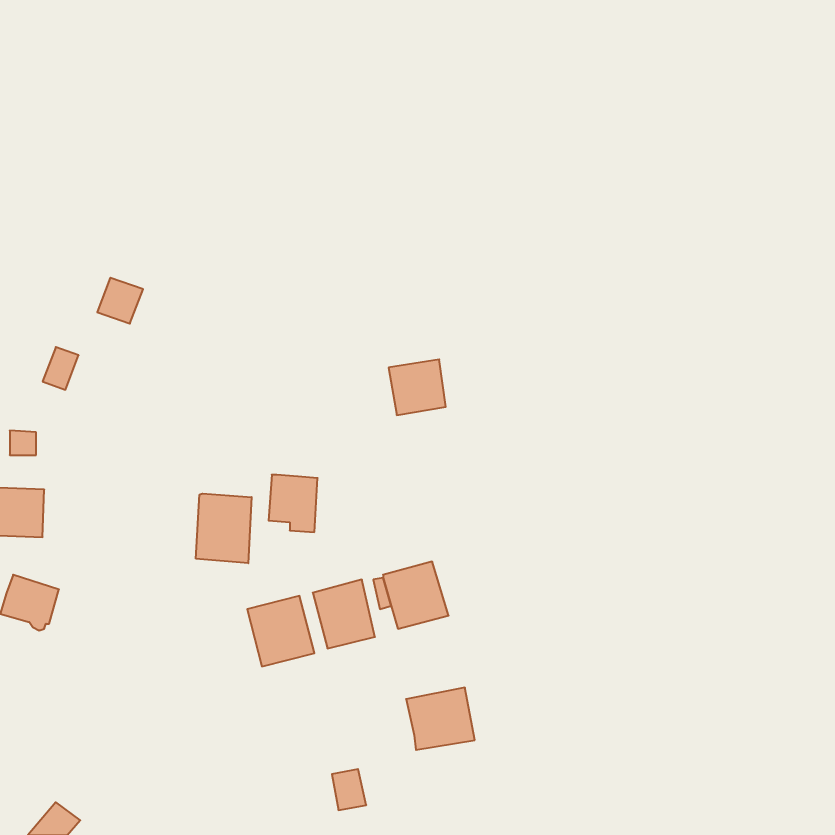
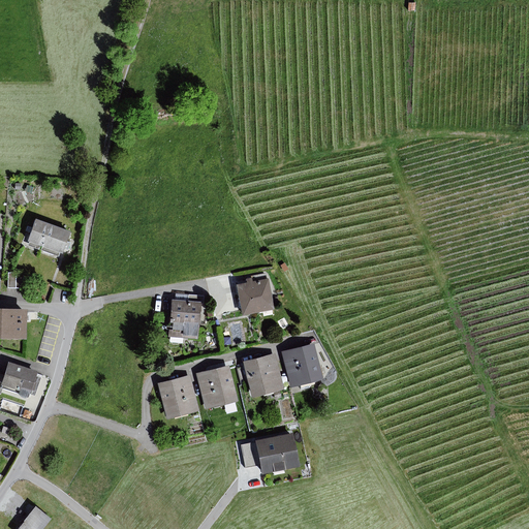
building: [97,278,143,324] -> [41,224,70,253]
building: [389,359,446,415] -> [236,280,272,315]
building: [196,494,252,563] -> none
building: none -> [282,343,321,384]
building: [332,769,366,810] -> [240,441,261,467]

